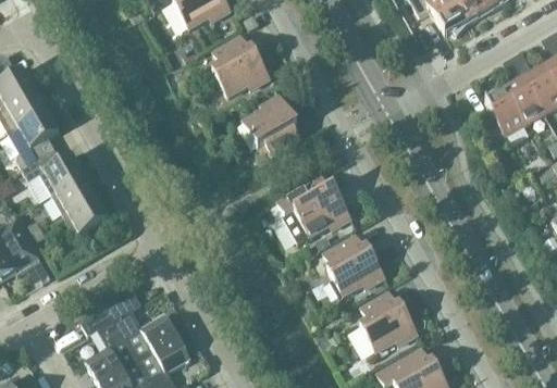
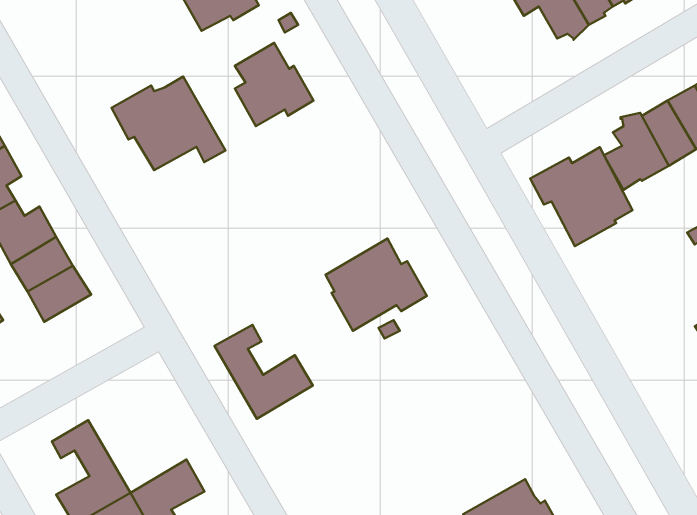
building: none -> [111,77,225,170]
building: [243,95,301,155] -> none
building: none -> [530,147,633,246]
building: [324,236,385,296] -> none
building: [108,292,178,360] -> [215,325,313,419]
building: [361,293,418,352] -> none

